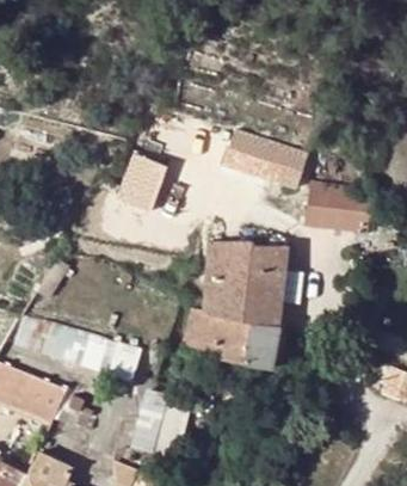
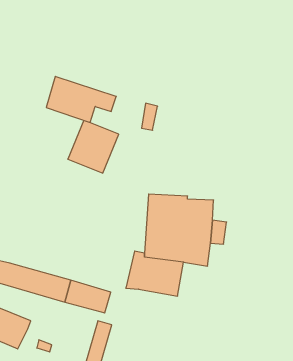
building: [226,128,309,183] -> [46,76,116,122]
building: [307,183,370,232] -> none
building: [245,321,280,367] -> none

